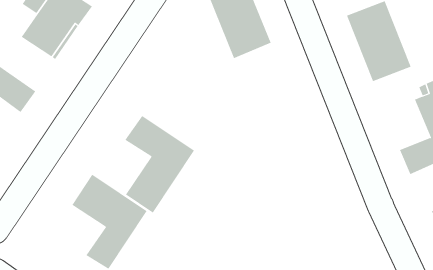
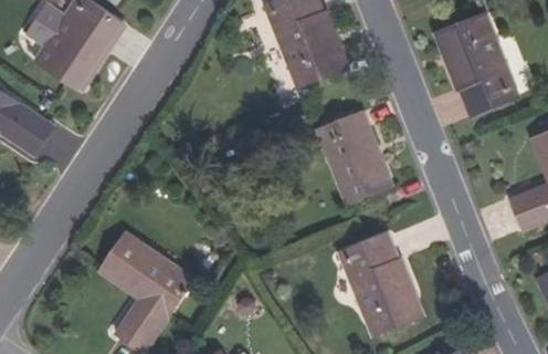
building: none -> [317,111,392,204]
building: [125,115,195,213] -> none
building: none -> [340,233,421,335]

